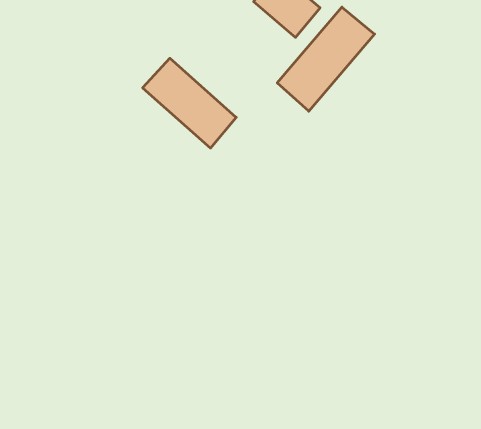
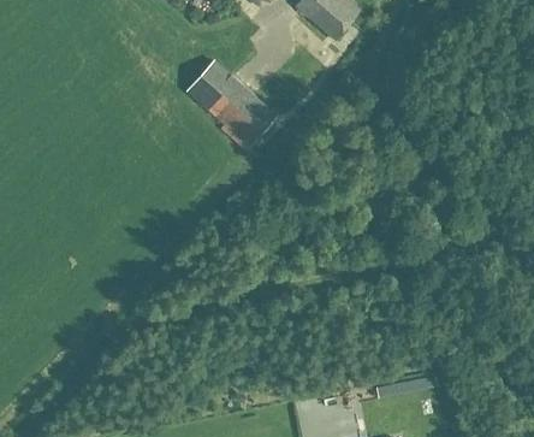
building: [277,7,375,111] -> none

